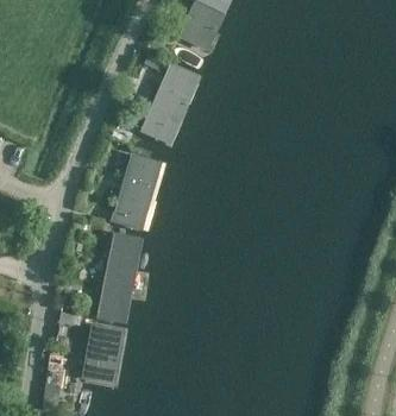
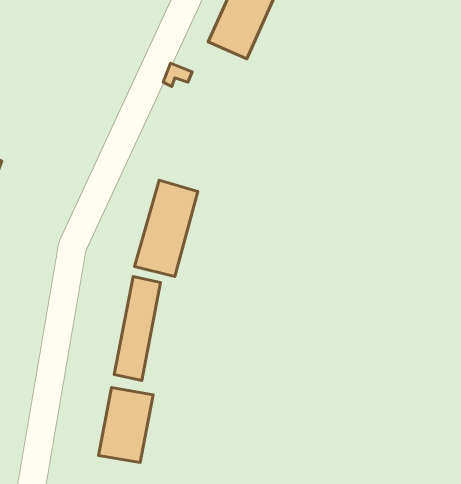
building: [138,62,200,146] -> none

